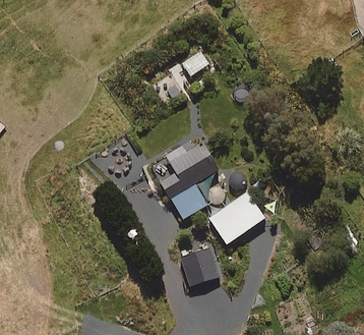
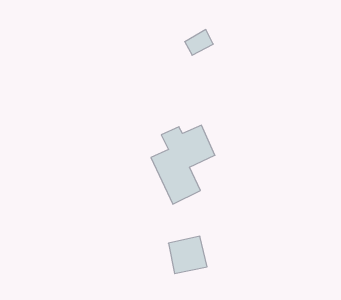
building: [209,192,265,244] -> none

